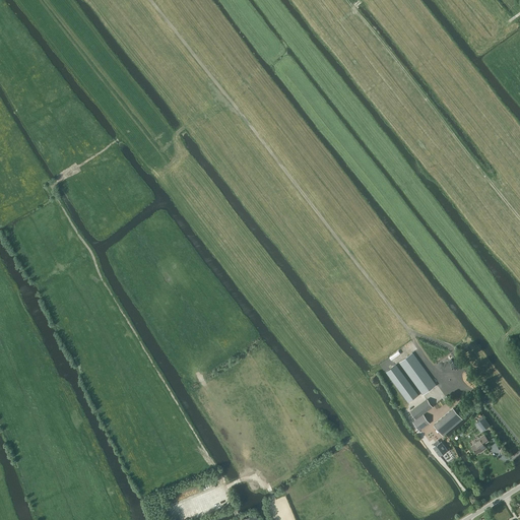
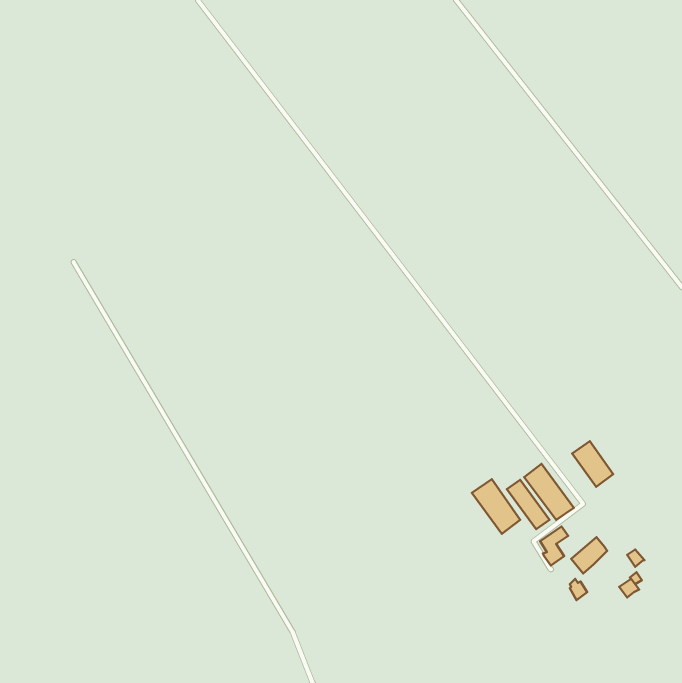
building: none -> [572,441,613,487]
building: none -> [472,479,520,534]

